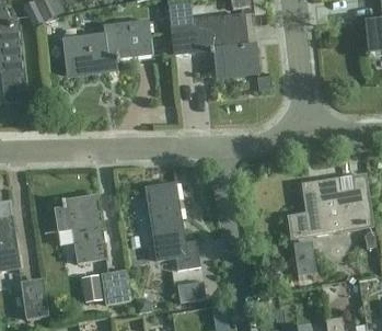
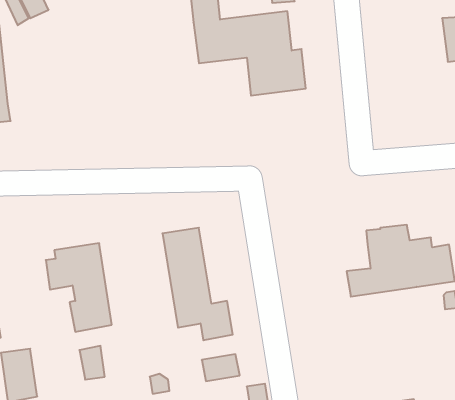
building: [62,18,152,77] -> none
building: [297,237,319,272] -> none
building: [101,270,130,304] -> none

